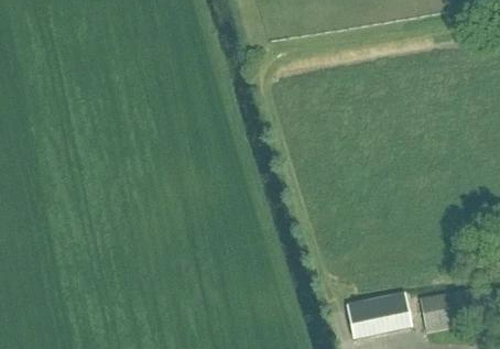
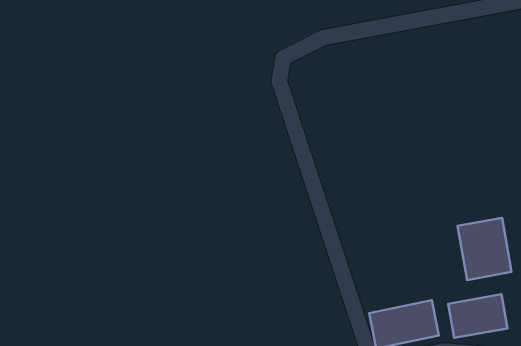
building: none -> [458,218,512,280]

